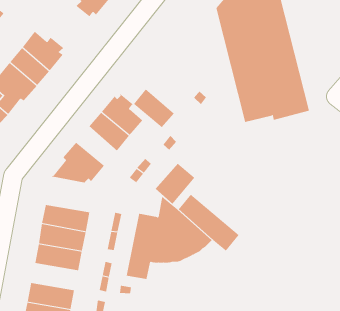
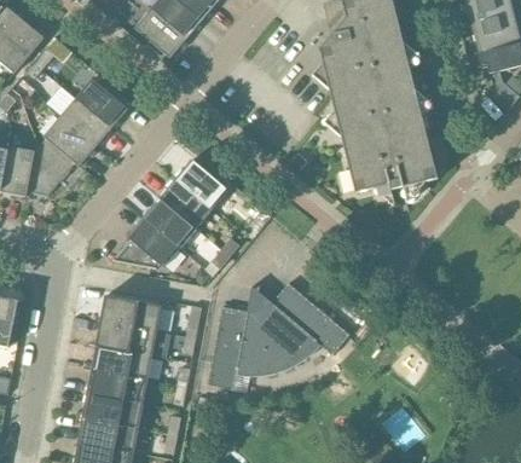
building: [133,88,174,128] -> [144,197,196,247]
building: [155,163,195,205] -> none
building: none -> [87,369,147,403]

